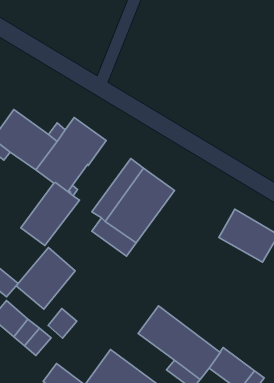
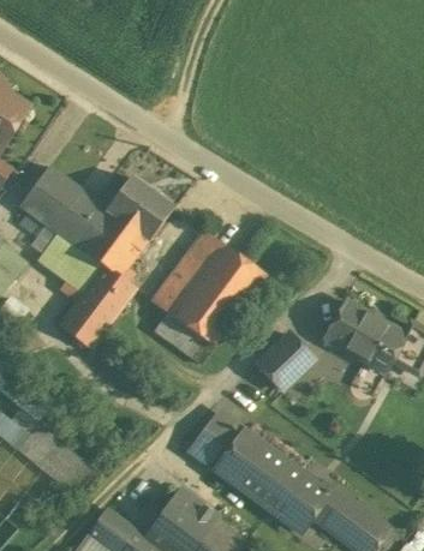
building: none -> [257,333,313,388]
building: [16,248,75,309] -> none
building: none -> [192,412,244,467]
building: [48,308,77,338] -> none

